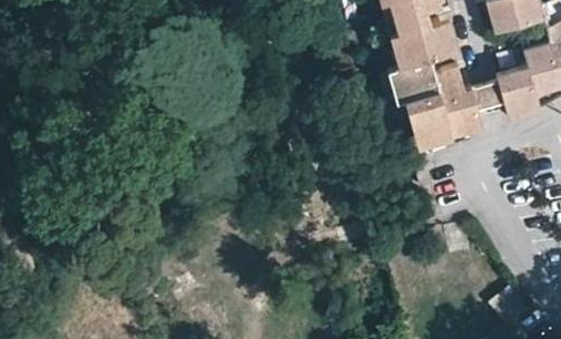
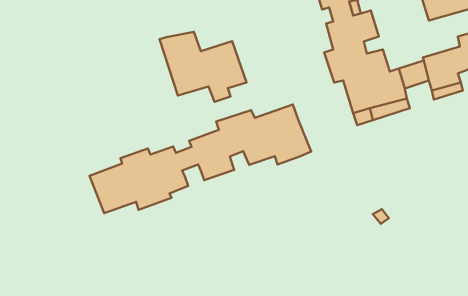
building: none -> [160,32,247,102]
building: none -> [89,105,311,213]

